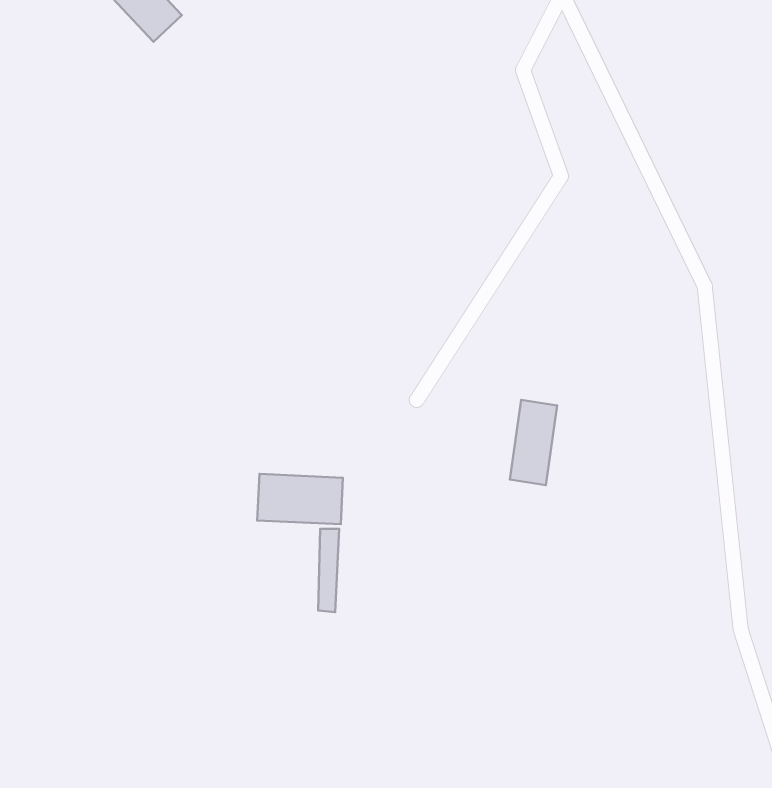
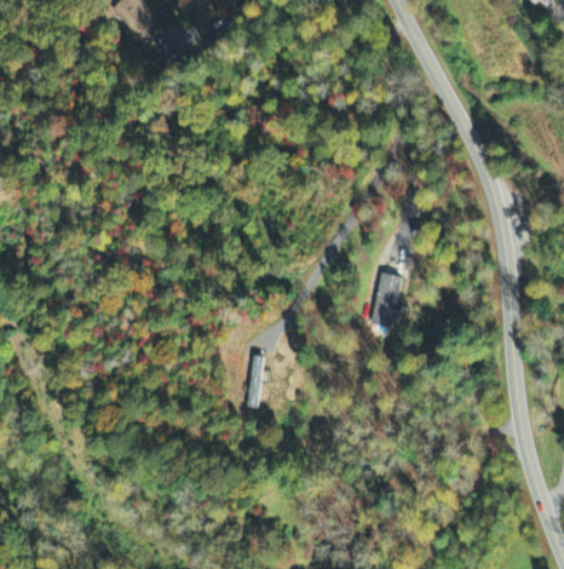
building: [257,474,343,524] -> none

